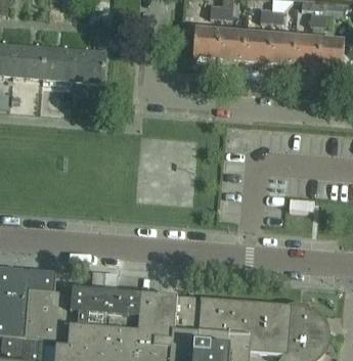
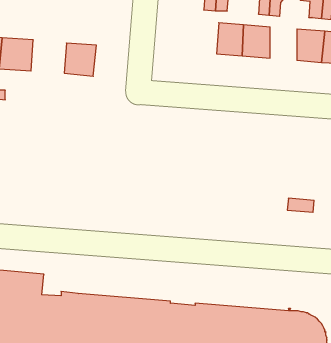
building: [192,27,222,58] -> none
building: [271,33,297,64] -> none
building: [43,45,77,77] -> none

